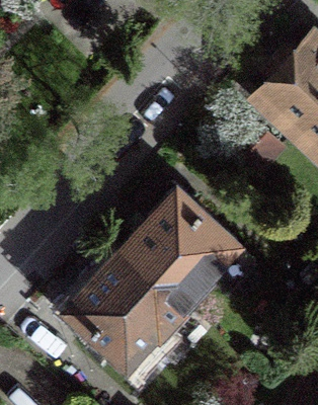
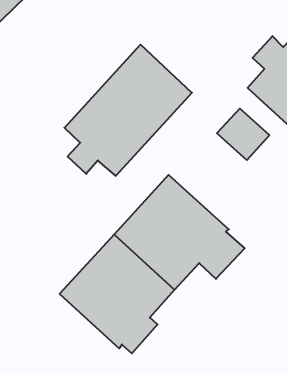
building: none -> [64,45,192,176]

